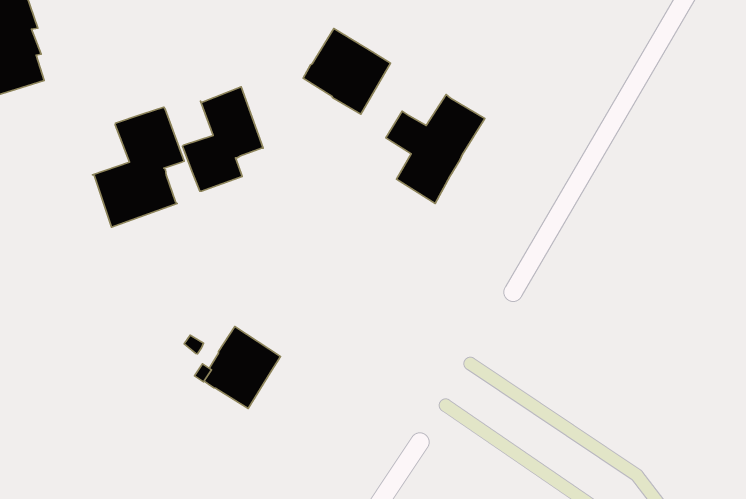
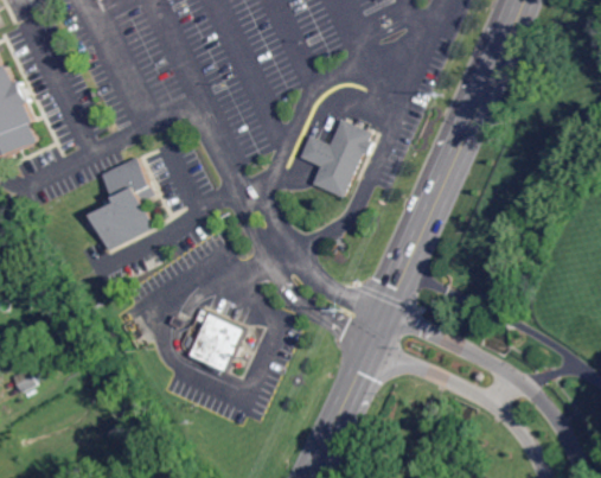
building: [303,28,391,114] -> none
building: [183,87,263,191] -> none

